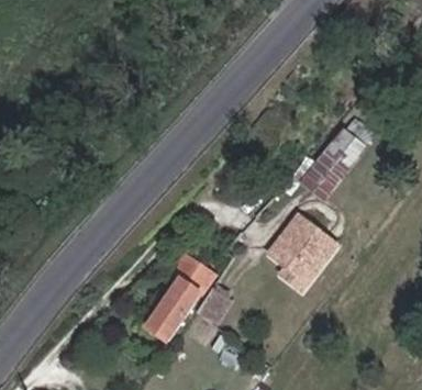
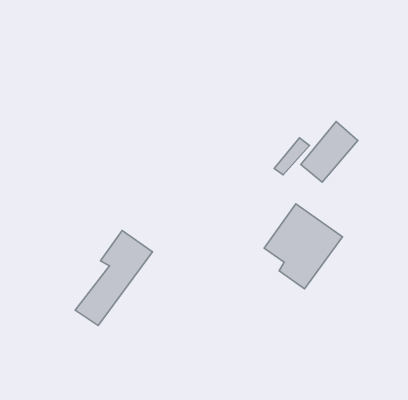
building: [148,260,215,343] -> [75,230,152,325]

